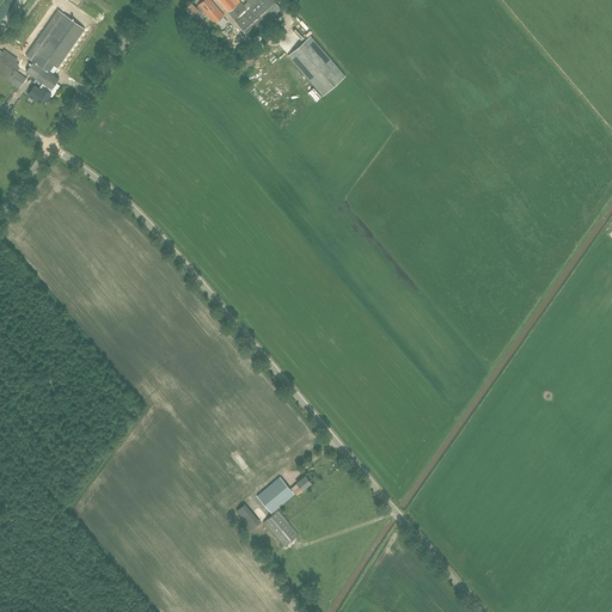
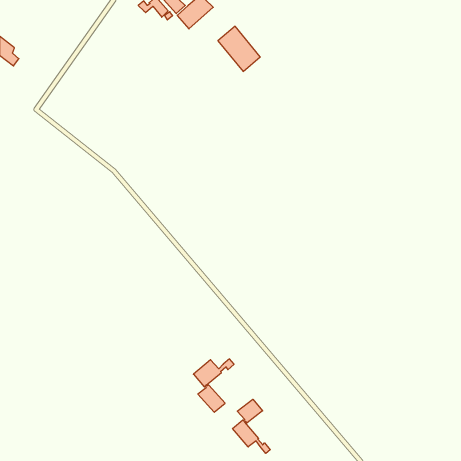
building: [25,10,84,103] -> none
building: none -> [233,399,270,453]

